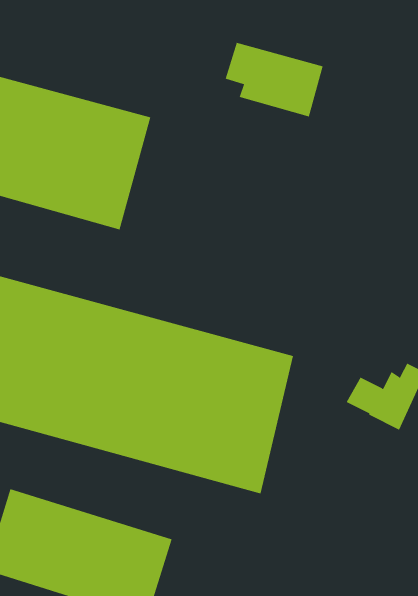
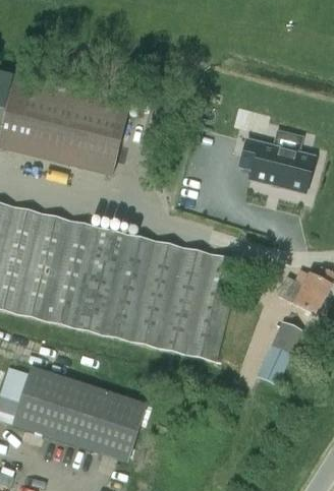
building: [225,42,324,117] -> [246,130,318,184]
building: none -> [254,329,296,391]

